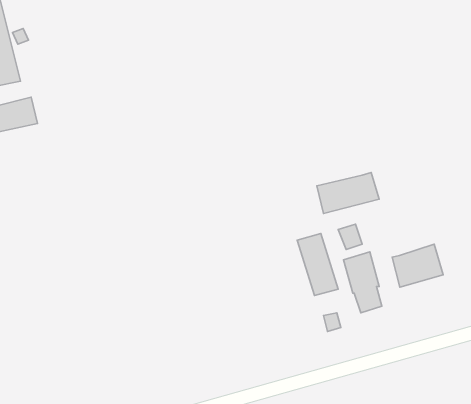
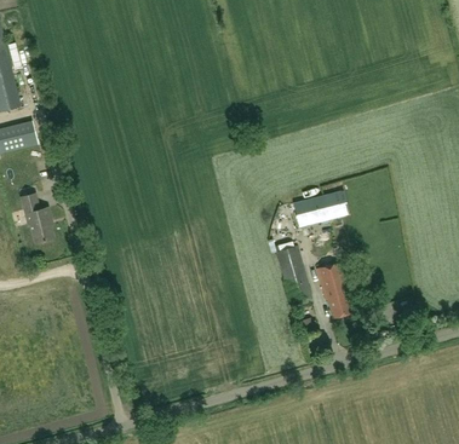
building: none -> [19,194,52,243]
building: [392,244,443,287] -> none

